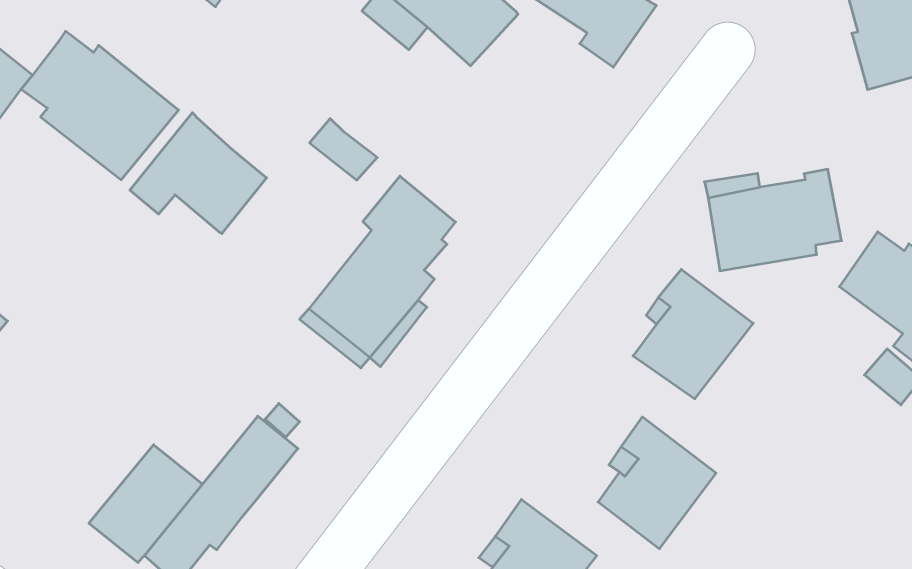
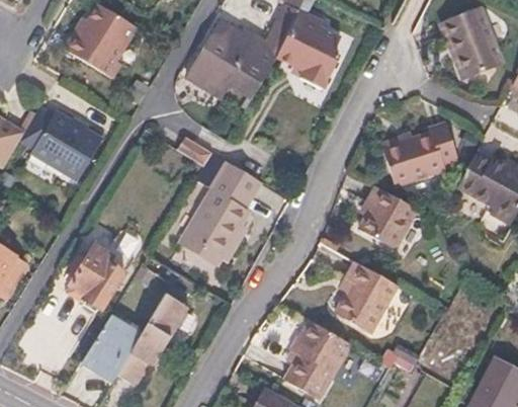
building: [130,113,267,234] -> none
building: none -> [69,242,123,307]

